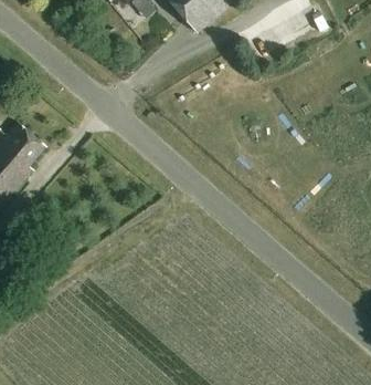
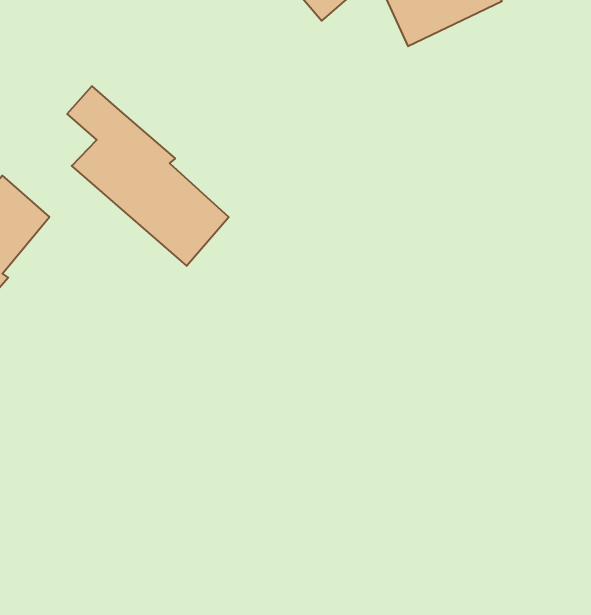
building: none -> [67,86,229,266]

